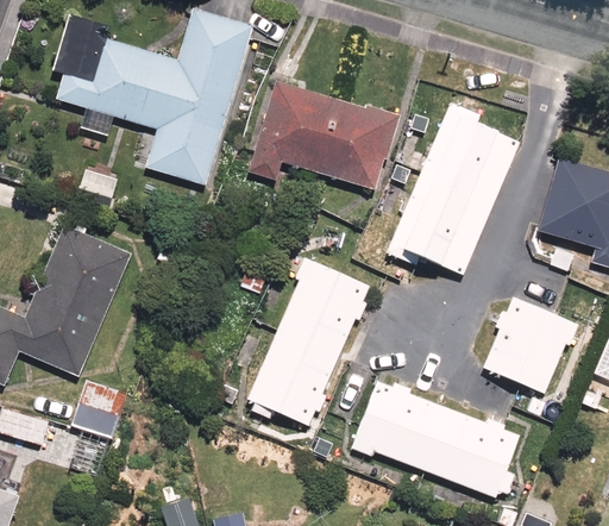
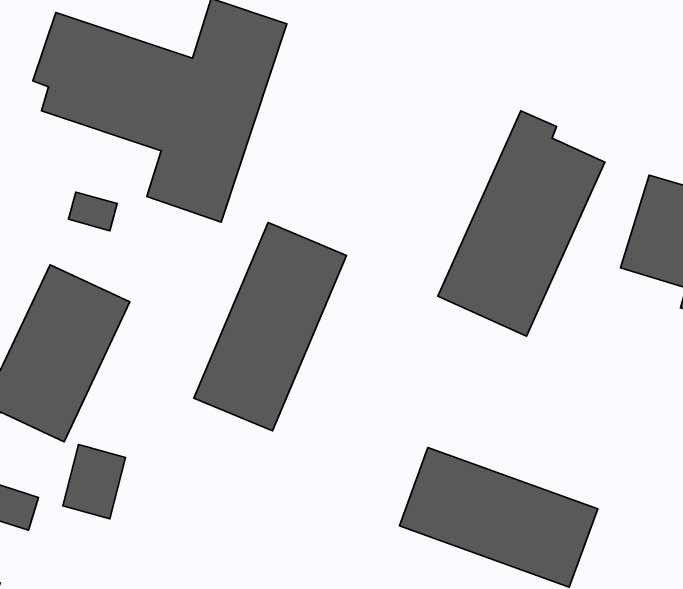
building: [245,77,398,186] -> none
building: [247,255,375,428] -> [194,223,347,431]
building: [483,293,583,399] -> none

